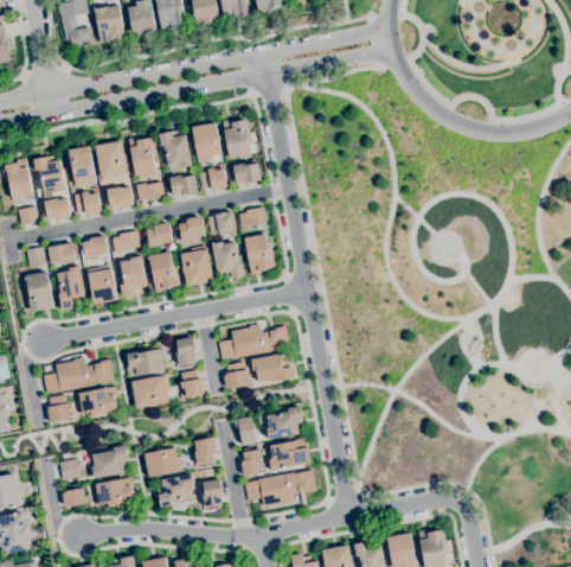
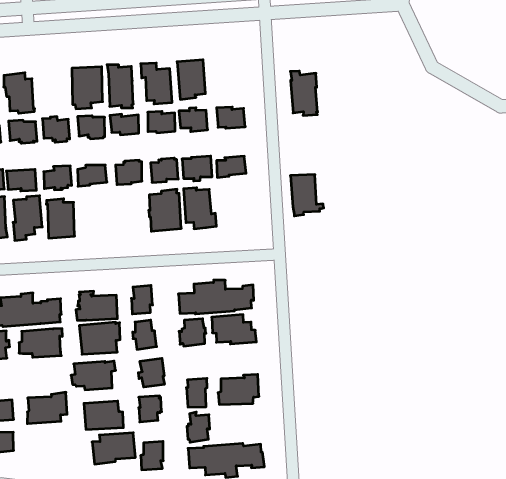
building: [223,120,252,160] -> [290,71,318,115]
building: [65,146,96,189] -> none
building: [244,235,278,275] -> [290,175,324,216]
building: [149,253,181,293] -> none
building: [120,256,147,297] -> none
building: none -> [138,358,164,387]
building: [268,440,312,471] -> none
building: [95,477,135,507] -> [71,361,116,390]

